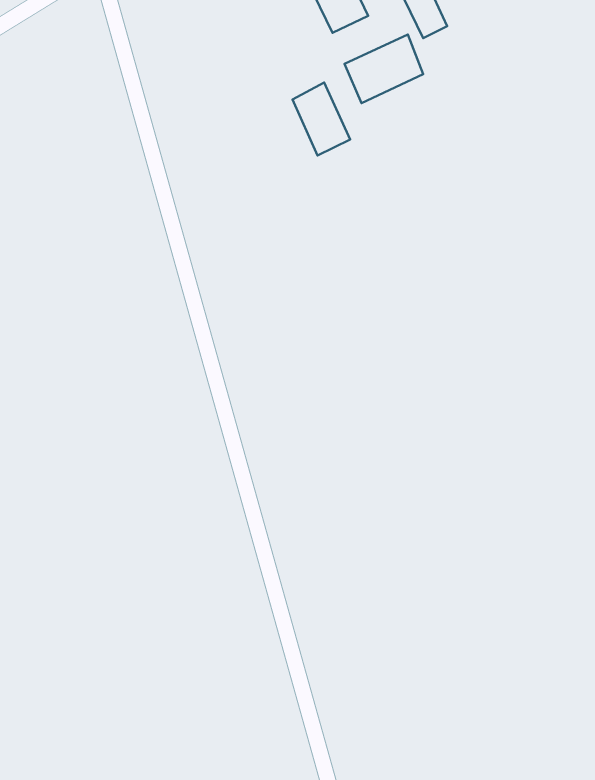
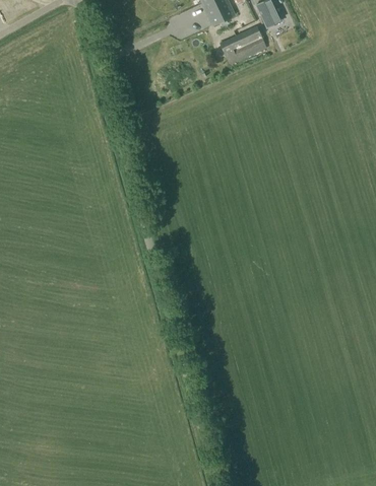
building: [292,83,350,155] -> none

